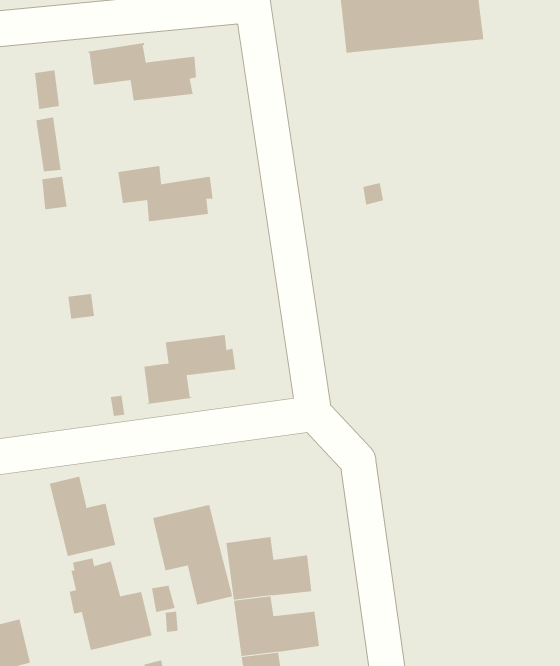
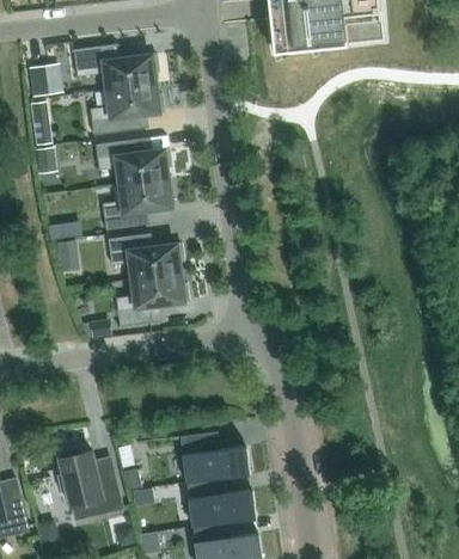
building: none -> [90,84,164,135]
building: none -> [102,178,171,229]
building: none -> [108,234,183,278]
building: [49,476,116,557] -> none
building: [153,504,233,606] -> none

